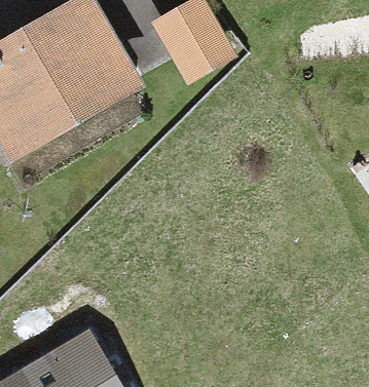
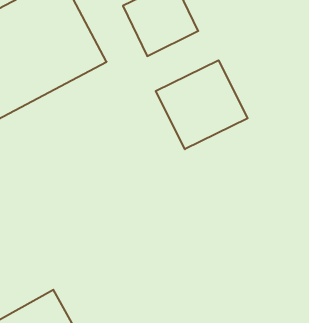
building: none -> [156,60,248,149]

